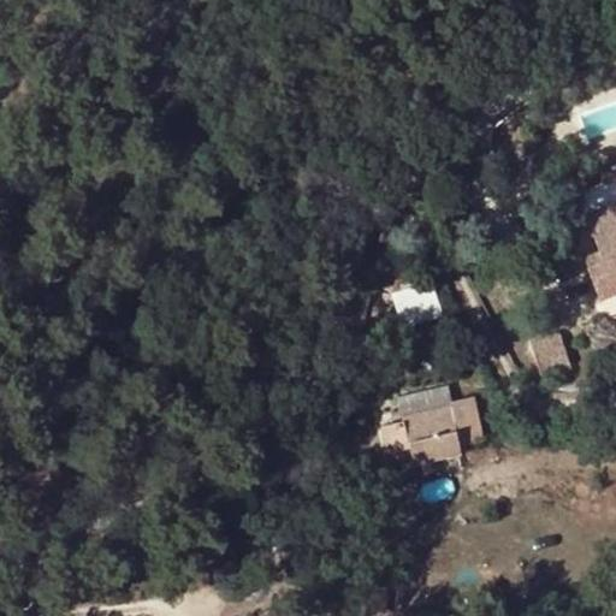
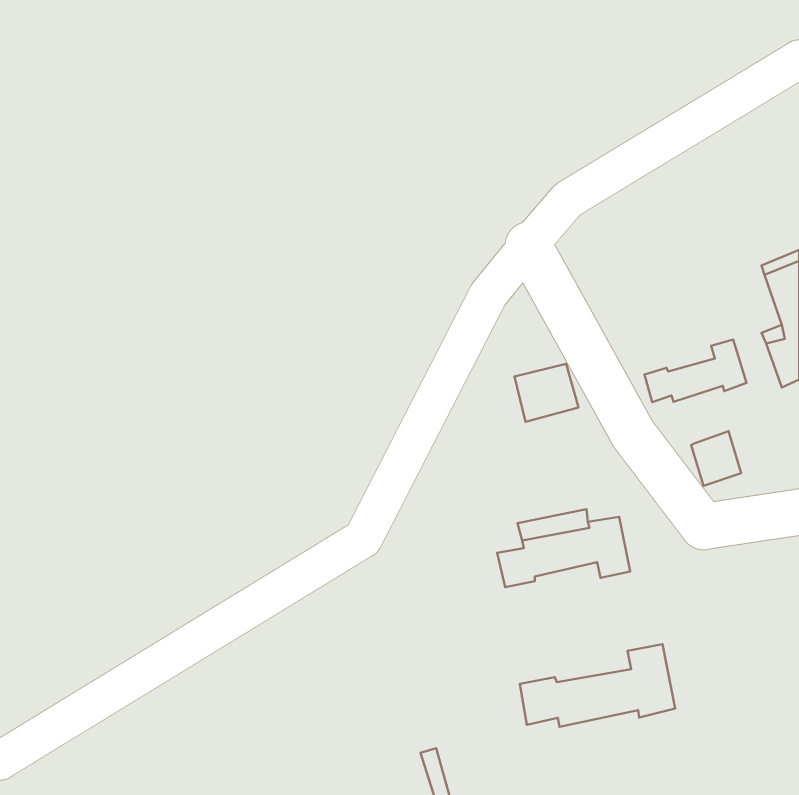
building: none -> [645,339,746,402]
building: none -> [520,644,675,727]

